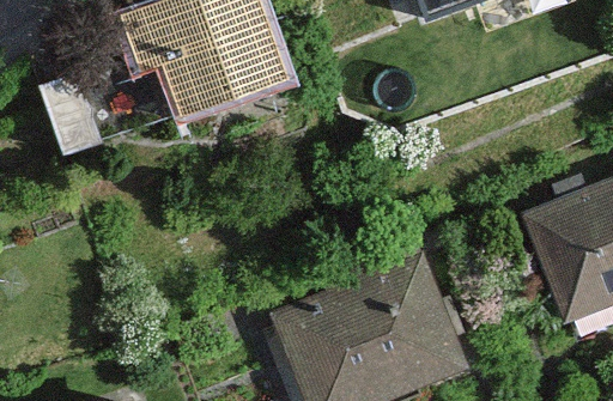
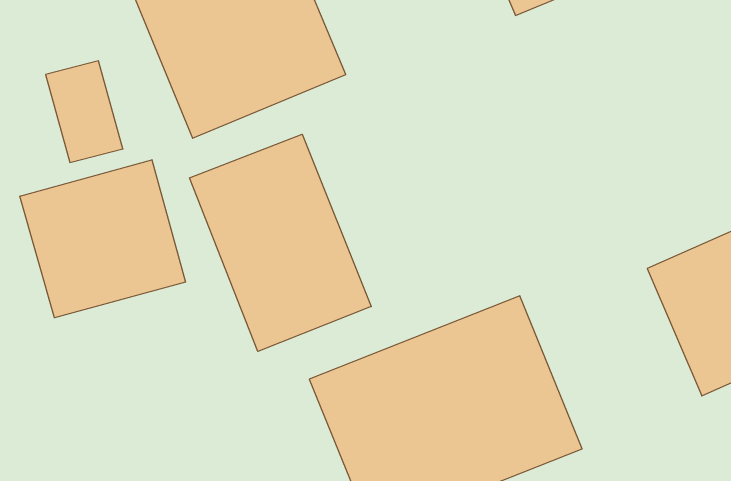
building: none -> [190,134,371,351]
building: none -> [20,160,185,318]

